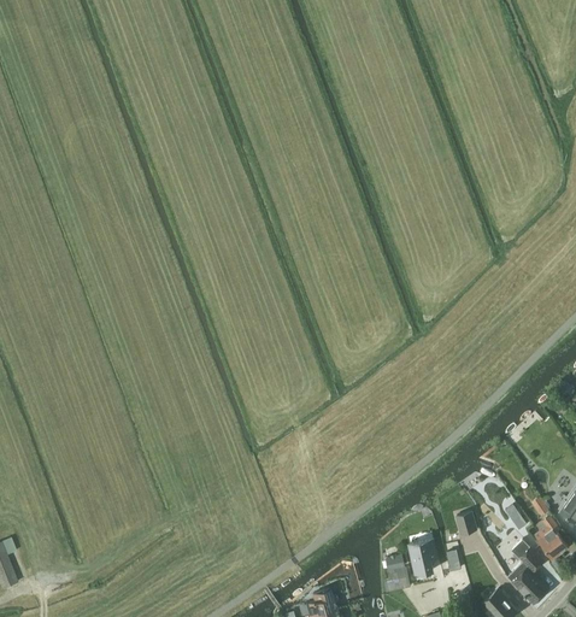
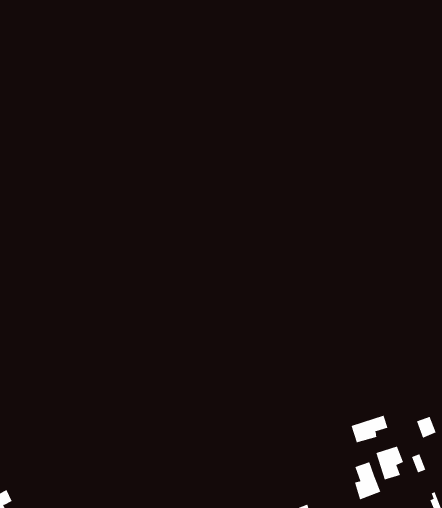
building: none -> [351,415,388,443]

